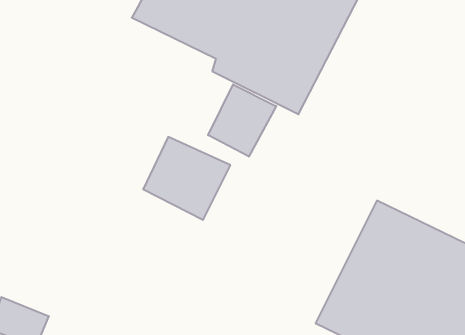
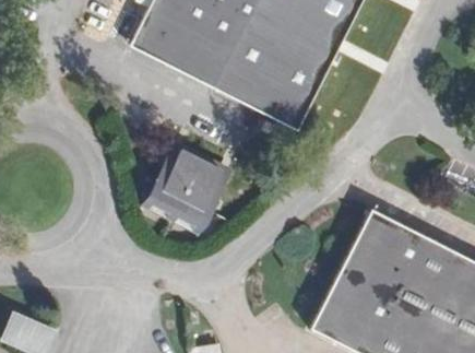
building: [208,84,276,157] -> none

